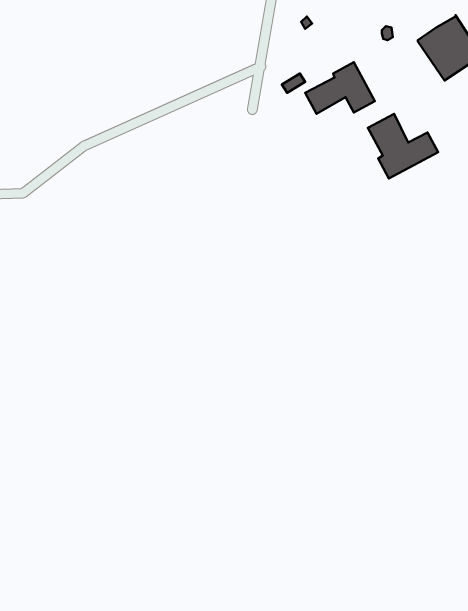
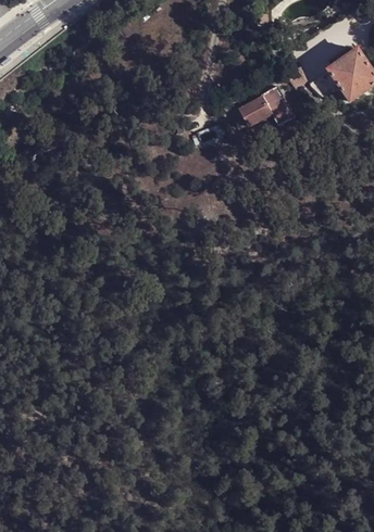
building: [368,114,438,178] -> none

